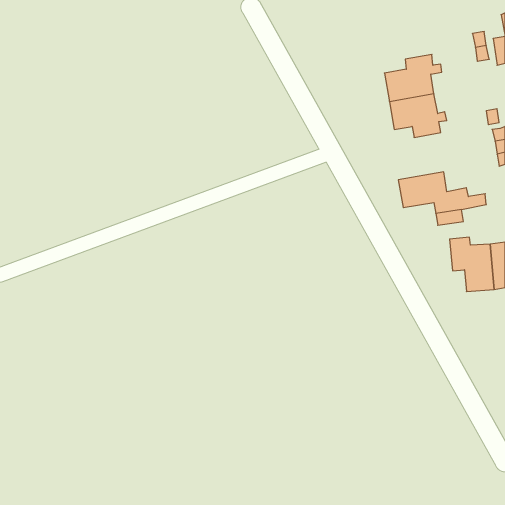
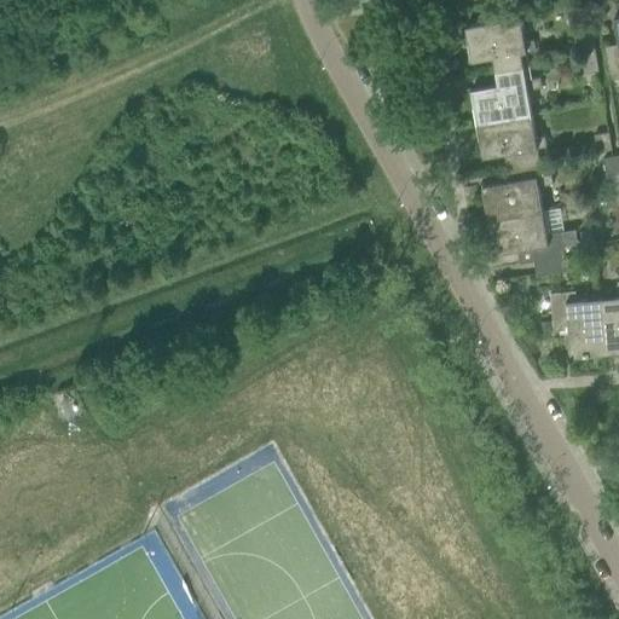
building: none -> [465,18,534,73]
building: none -> [481,162,553,220]

